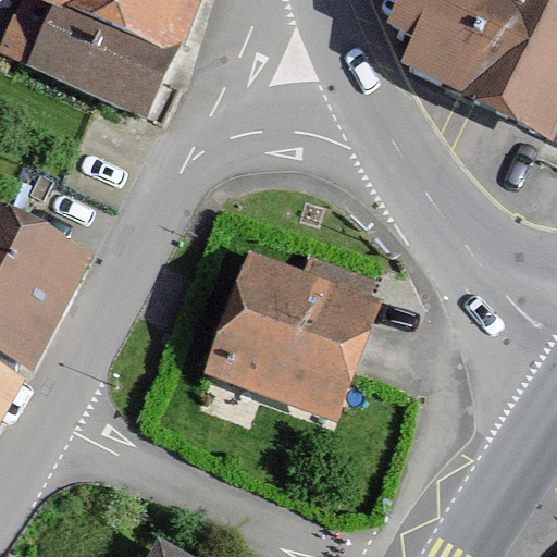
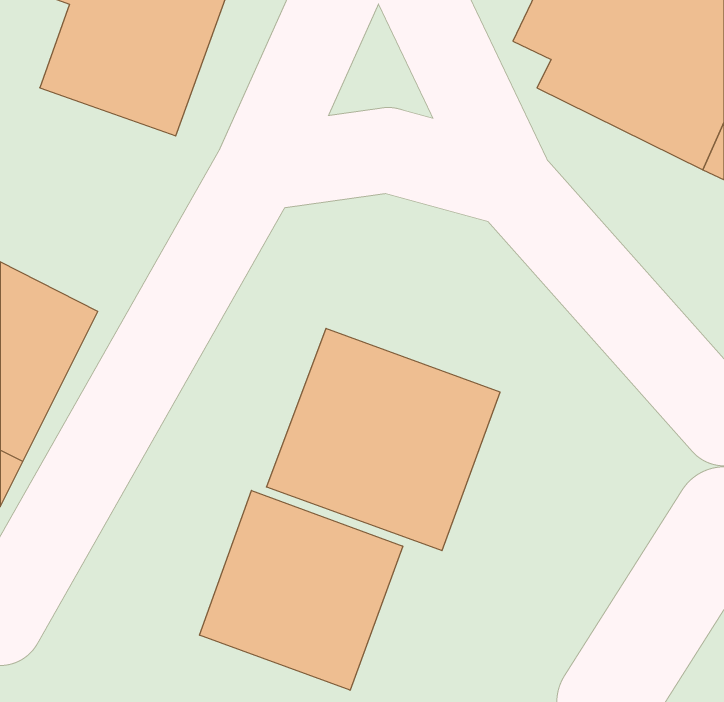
building: none -> [200,490,403,690]

